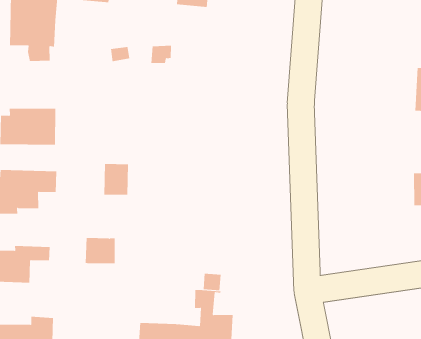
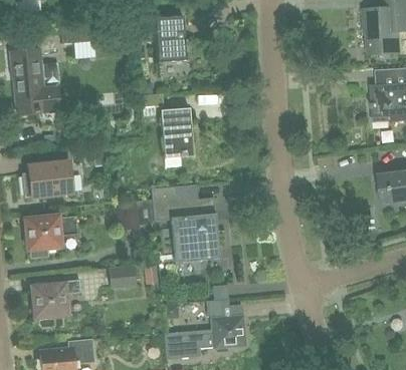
building: none -> [161,105,194,165]
building: none -> [150,187,220,261]

